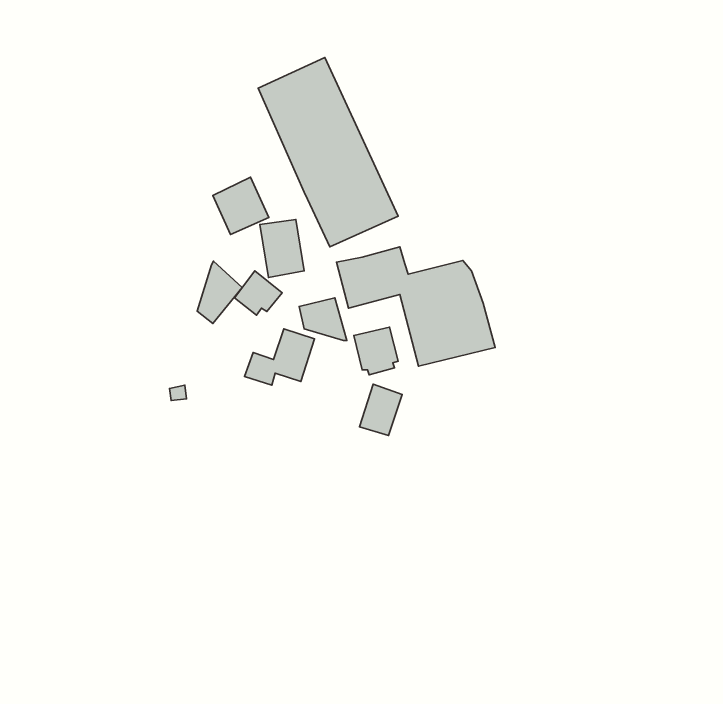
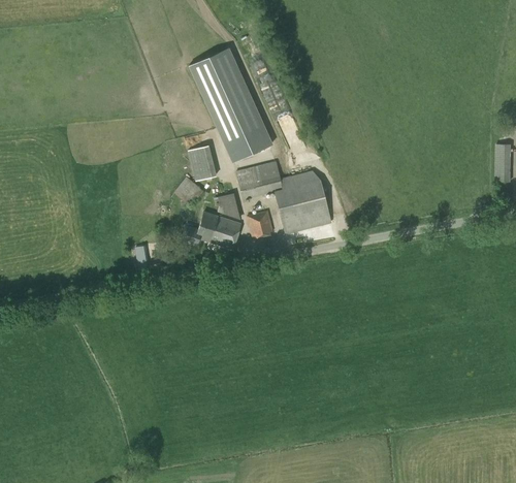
building: [213,177,269,234] -> none
building: [197,261,242,324] -> none
building: [360,384,402,436] -> [215,217,240,248]

